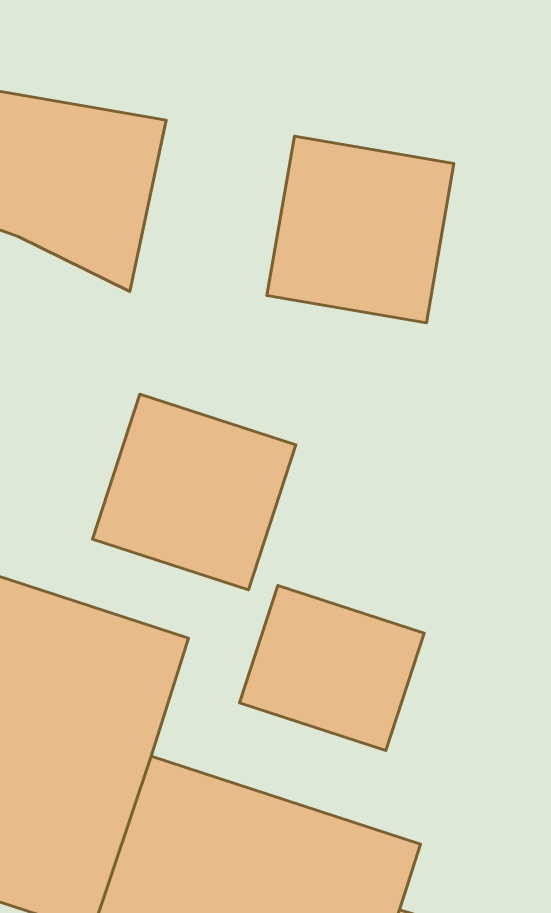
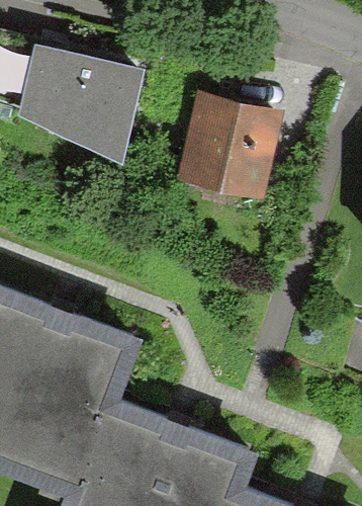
building: [92,394,296,590] -> none
building: [240,586,424,751] -> none

